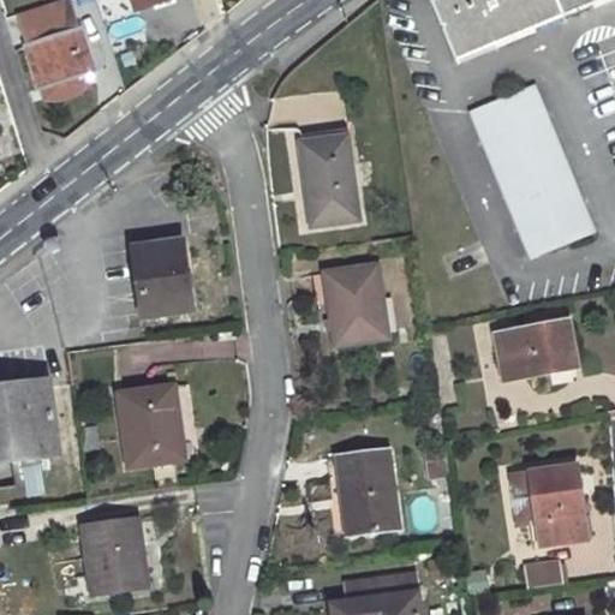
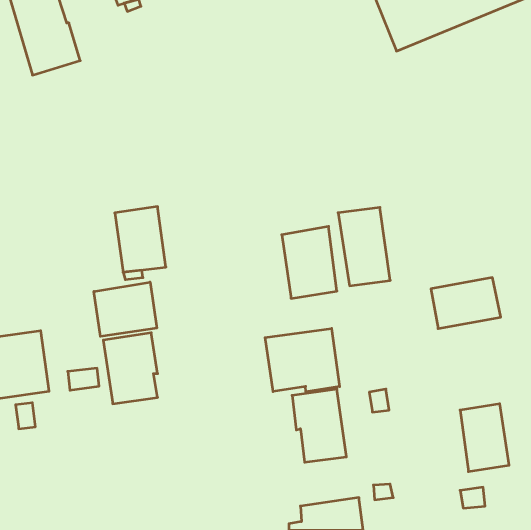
building: [472,83,593,255] -> none
building: [299,133,359,223] -> [338,207,390,286]
building: none -> [94,282,157,336]
building: none -> [265,328,340,392]
building: [83,517,148,592] -> none

